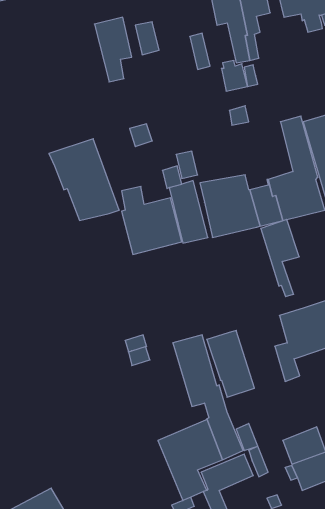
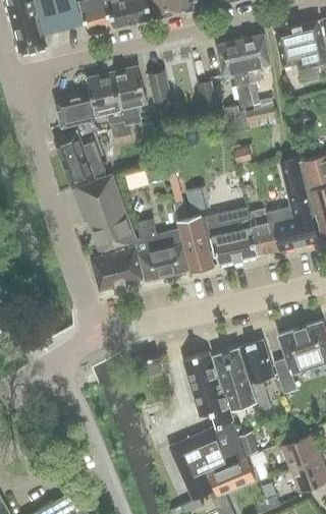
building: none -> [56,72,133,144]
building: none -> [55,130,112,188]
building: none -> [92,239,148,290]
building: [261,219,299,297] -> [240,339,275,408]

